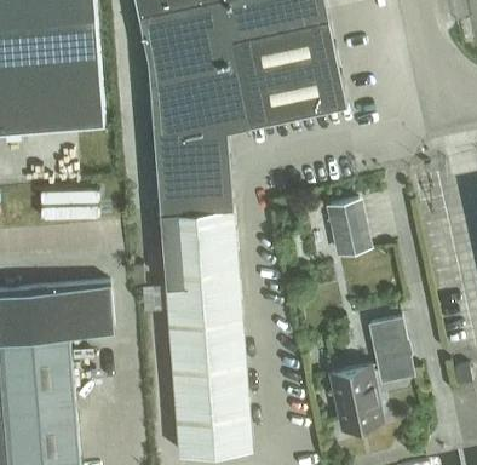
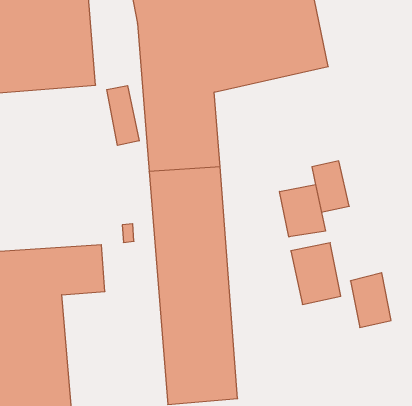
building: none -> [107,86,139,145]
building: none -> [280,185,325,237]
building: [329,369,381,434] -> [291,243,341,304]

